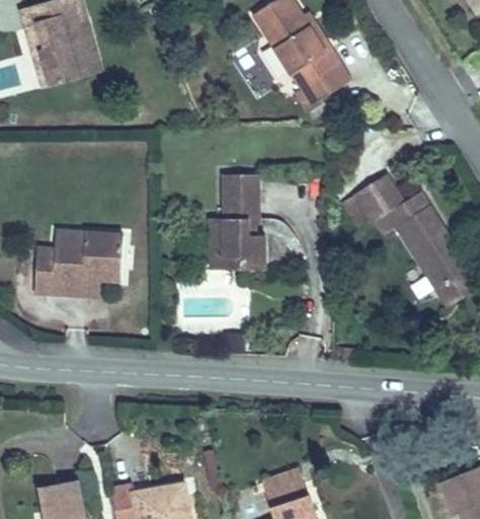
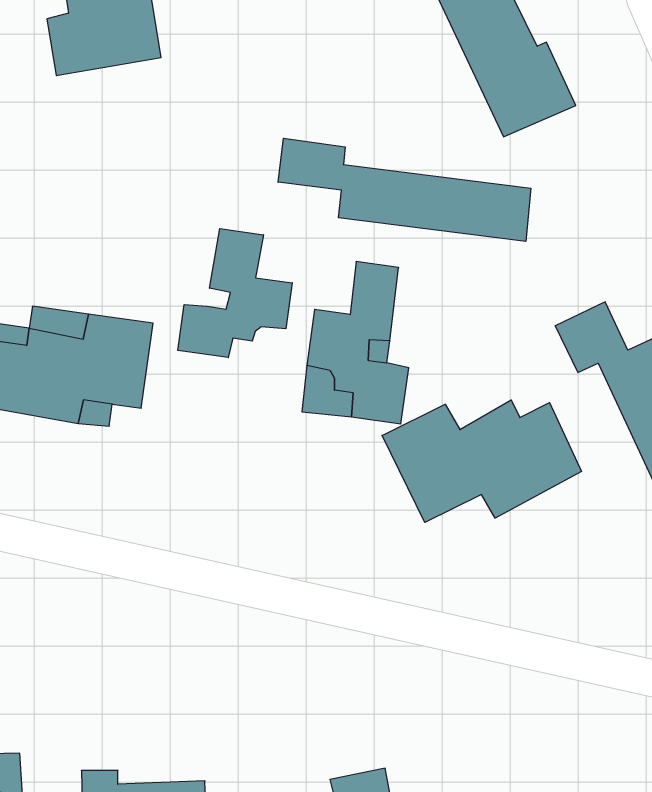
building: none -> [278,138,531,241]
building: none -> [178,229,292,358]
building: none -> [382,400,581,522]

